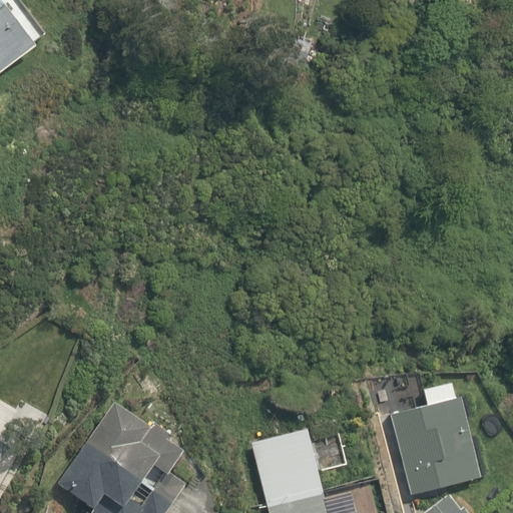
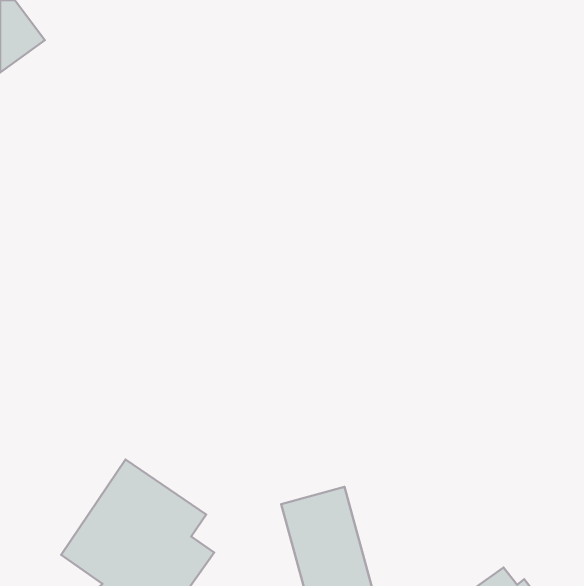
building: [390,384,482,495] -> none

